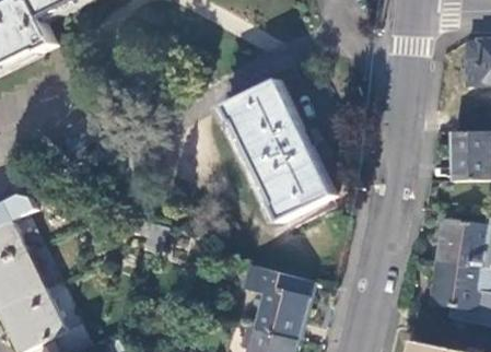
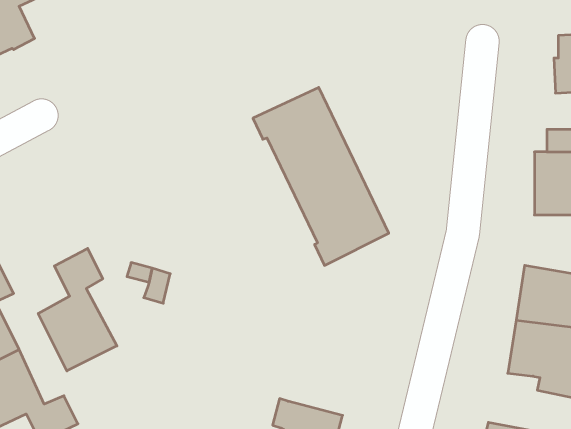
building: none -> [38,248,117,371]
building: [244,263,314,337] -> none

